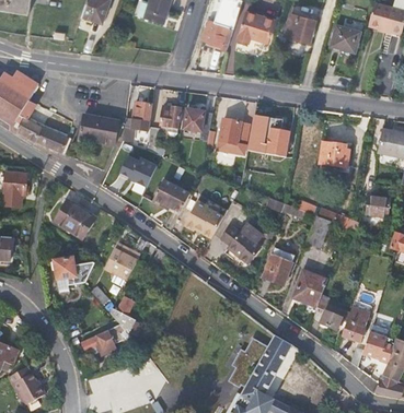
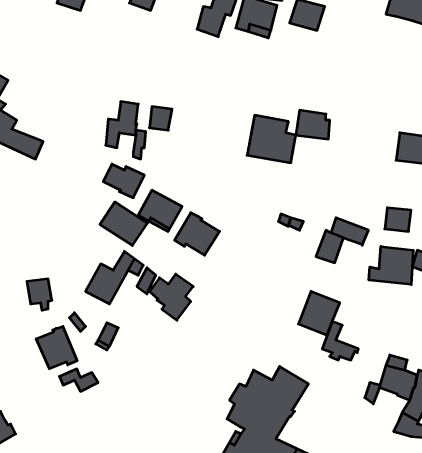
building: [331,26,360,54] -> none
building: [184,110,212,141] -> none
building: [71,111,113,145] -> none
building: [217,119,249,153] -> none
building: [319,142,348,167] -> [296,110,330,139]
building: [54,201,95,239] -> [100,202,148,246]
building: [222,224,261,264] -> [149,274,193,320]
building: none -> [369,246,413,285]
building: [263,246,295,285] -> none
building: none -> [36,326,77,369]
building: [342,307,367,341] -> none

